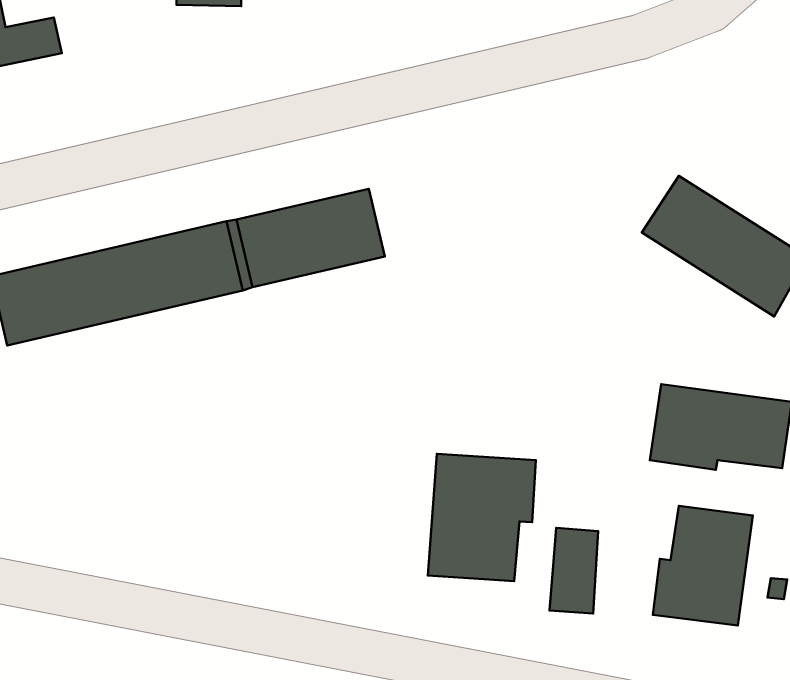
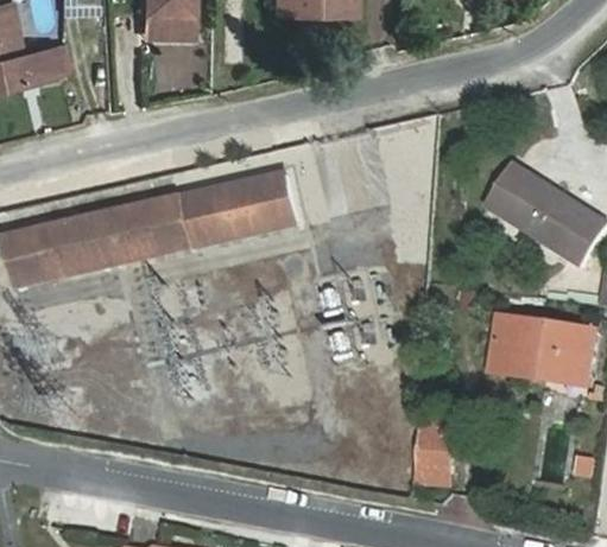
building: [428,454,536,581] -> none
building: [653,506,753,625] -> none

